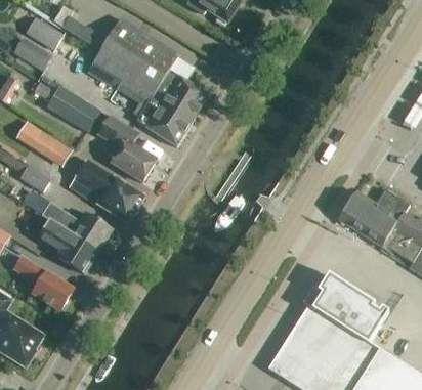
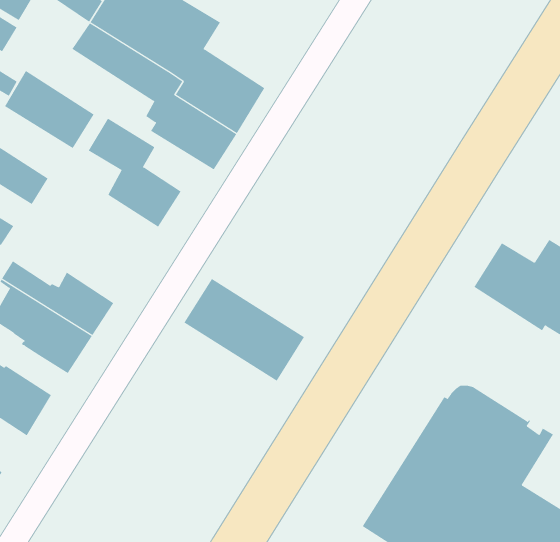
building: [68,158,143,222] -> [184,278,305,382]

